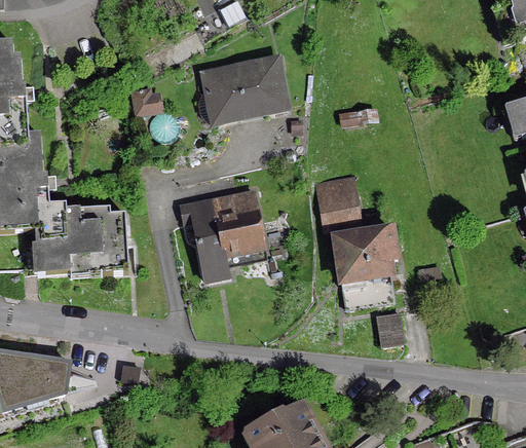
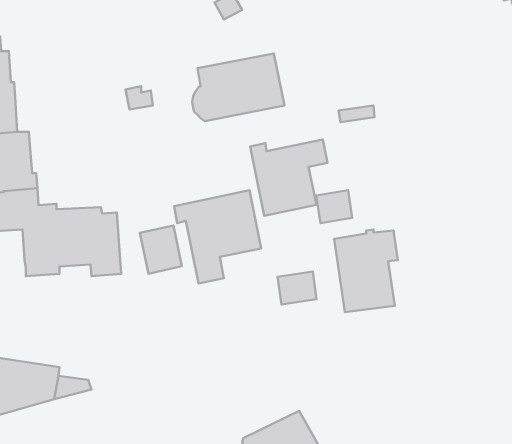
building: none -> [250,139,328,216]
building: none -> [140,225,182,274]
building: none -> [278,271,317,304]
building: [376,310,405,345] -> none

